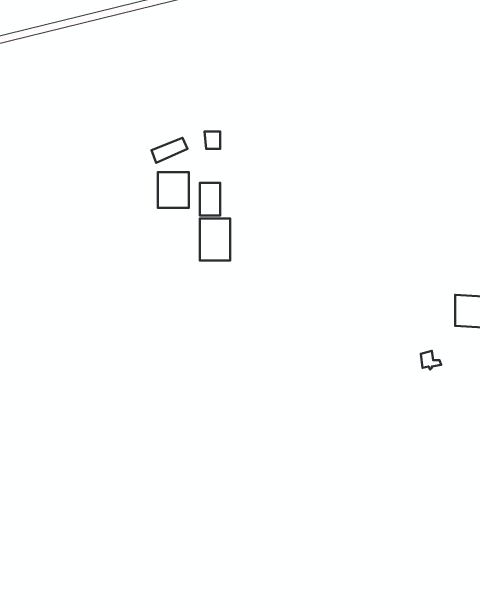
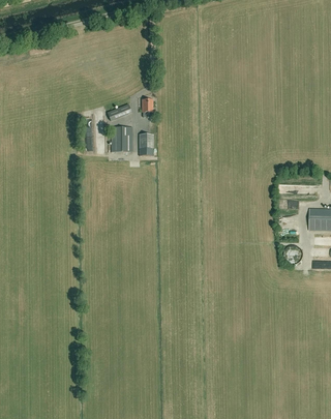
building: [200,219,230,261] -> none

